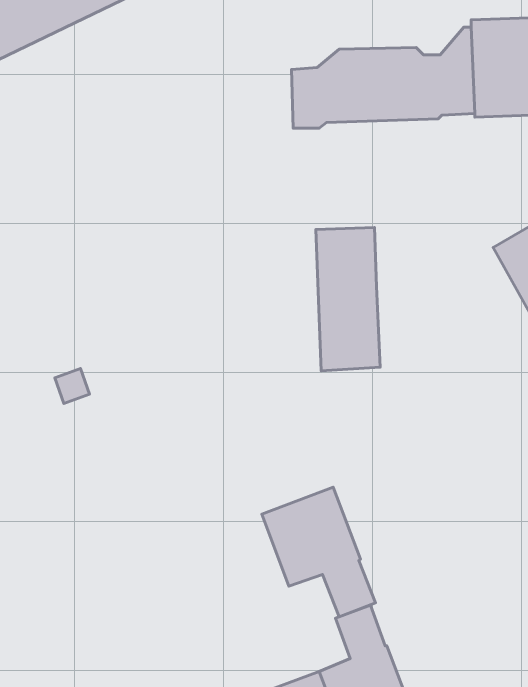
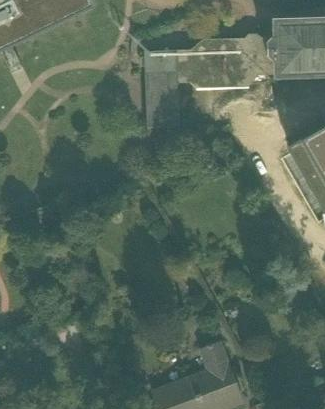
building: [316,228,380,371] -> [144,49,179,127]
building: [262,487,376,617] -> none

